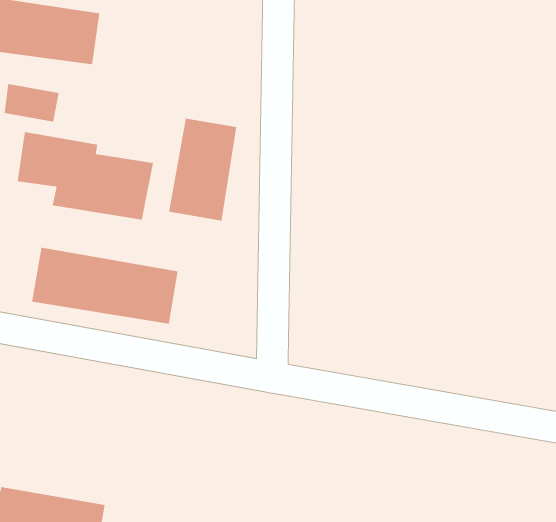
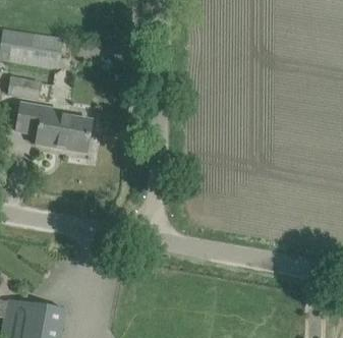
building: [169,118,237,221] -> none
building: [32,247,178,324] -> none

